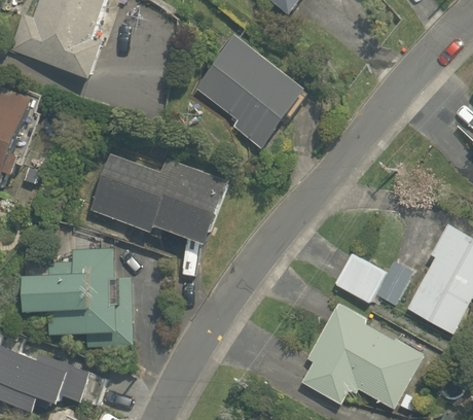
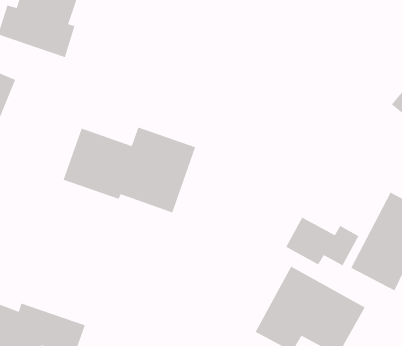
building: [194,33,304,148] -> none
building: [22,246,118,352] -> none

